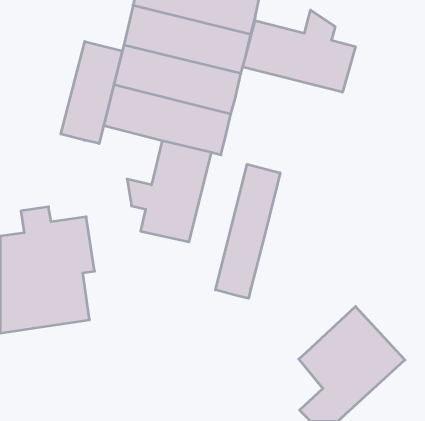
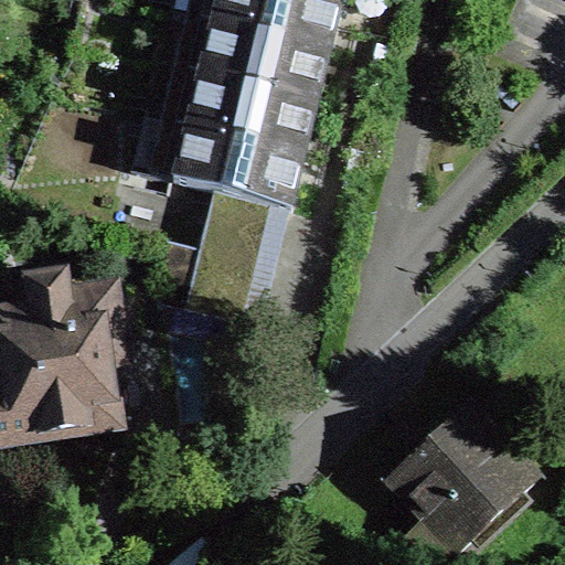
building: [243,10,355,92] -> none
building: [61,41,122,144] -> none
building: [215,164,280,298] -> none

